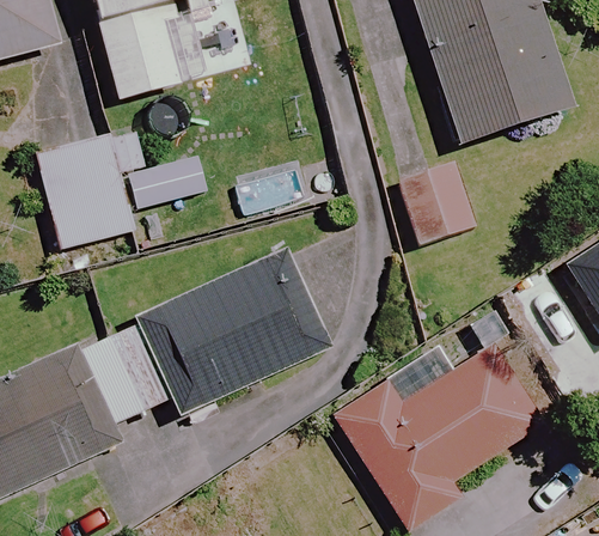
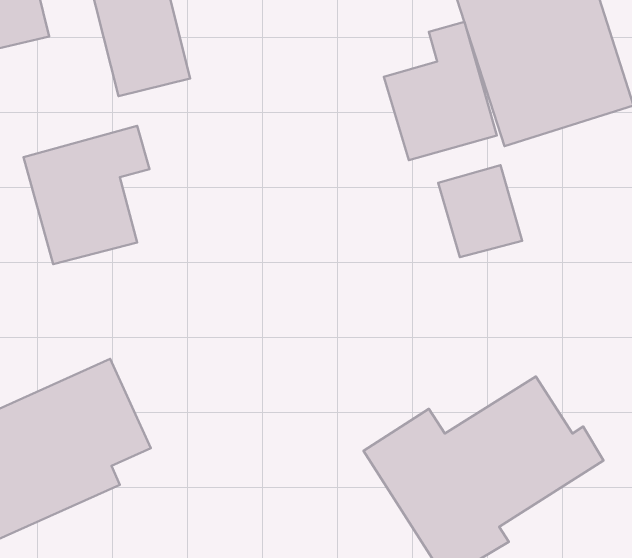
building: none -> [384,22,497,160]
building: [112,251,329,414] -> none

